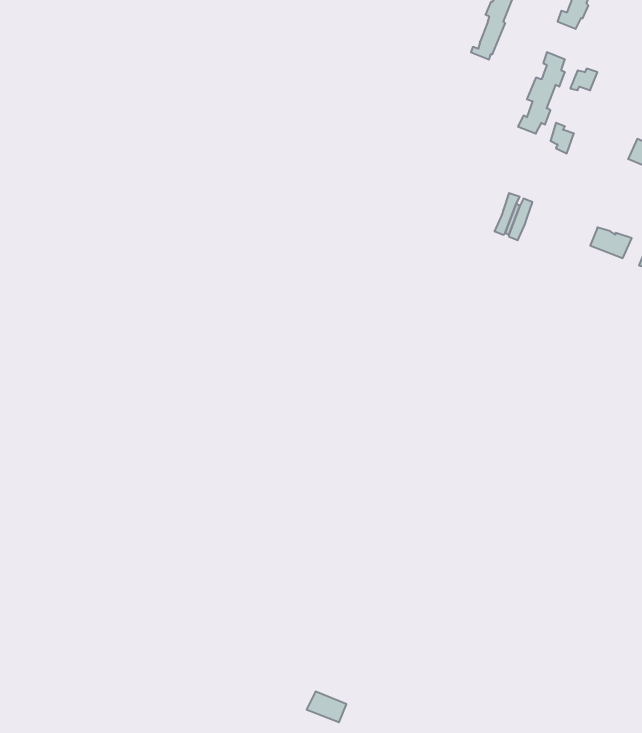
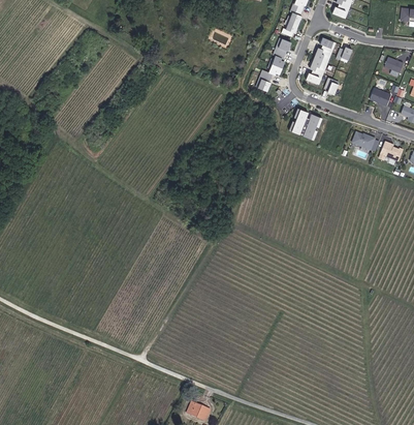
building: none -> [256,39,289,93]

